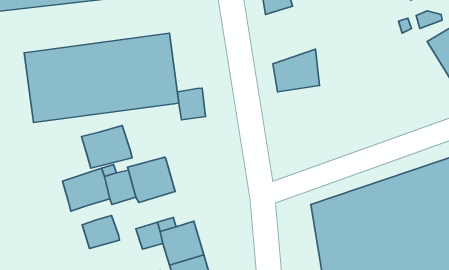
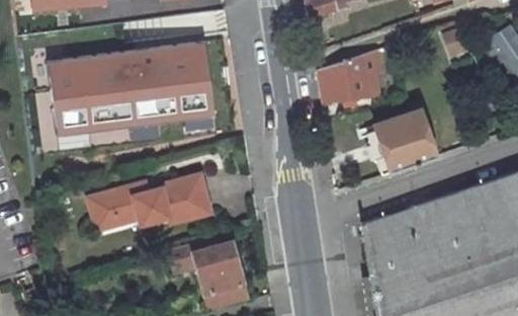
building: [178,88,205,120] -> none
building: none -> [375,108,437,171]
building: [81,125,132,168] -> none
building: [82,216,120,249] -> none

